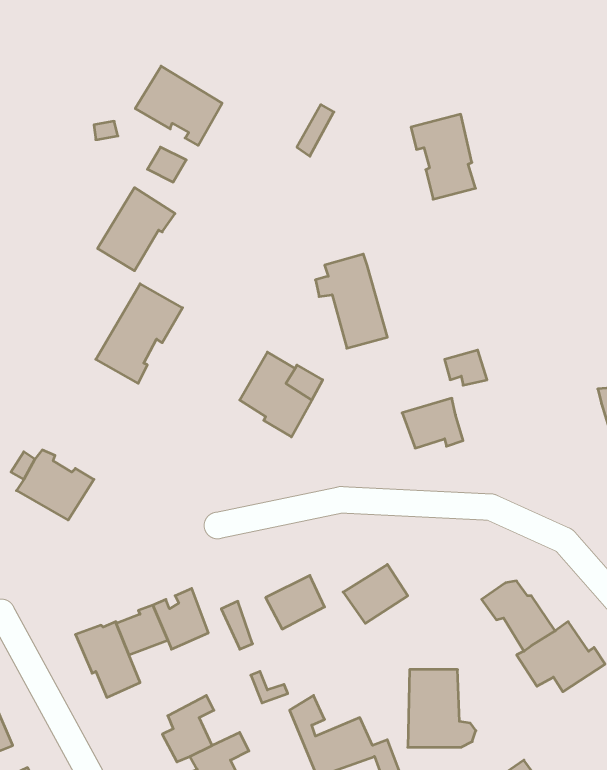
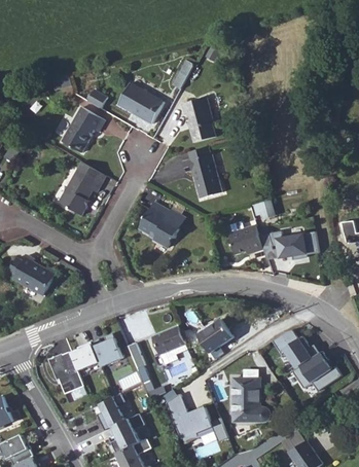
building: [135,66,222,145] -> [115,80,164,124]
building: [411,114,476,199] -> [180,94,216,141]
building: none -> [258,231,319,260]

